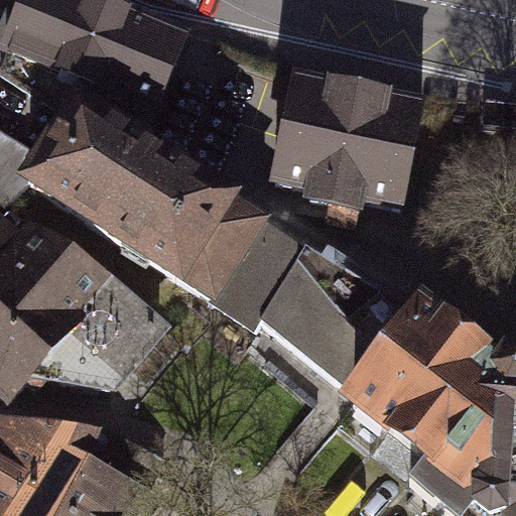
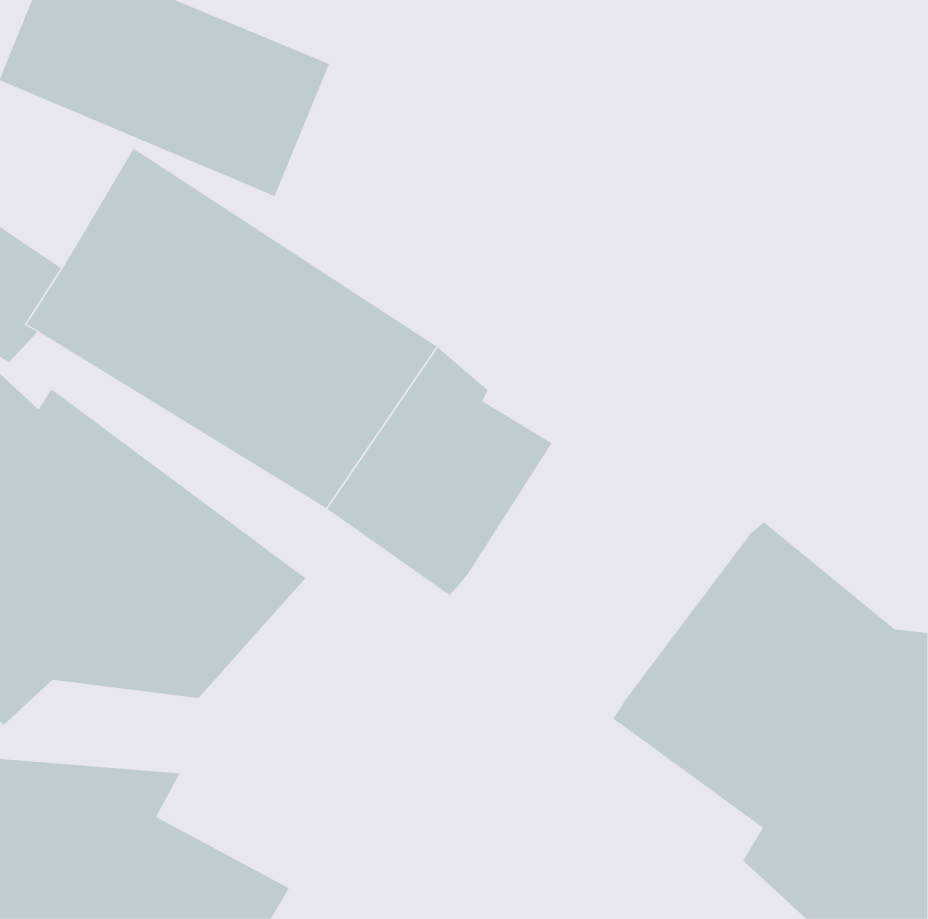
building: [271,77,422,211] -> none
building: [259,244,414,386] -> none

